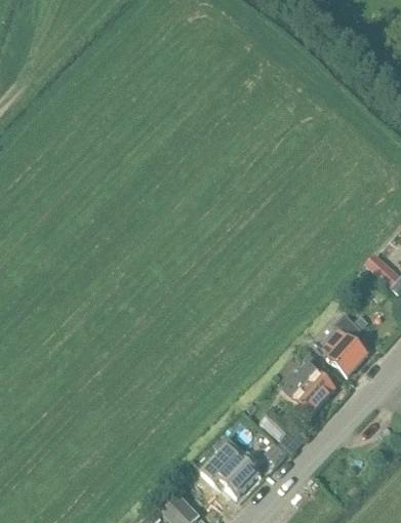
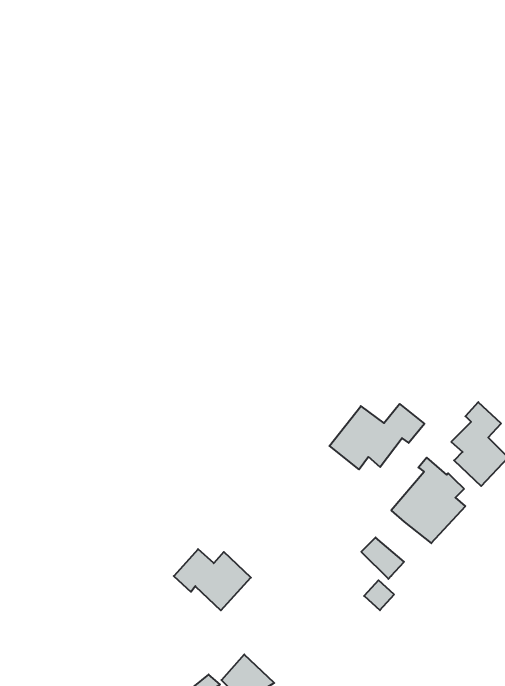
building: none -> [329,404,424,469]
building: [202,451,257,495] -> [174,549,251,610]

